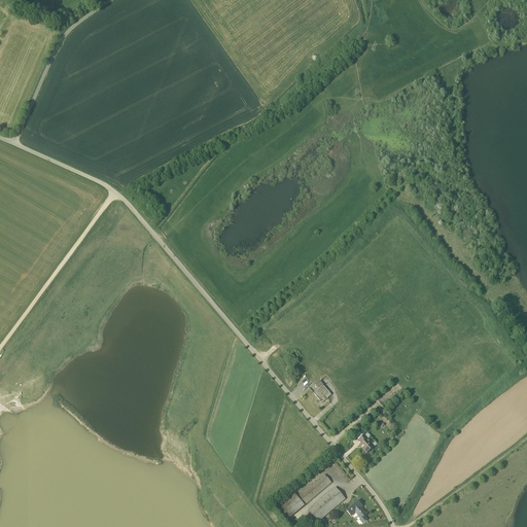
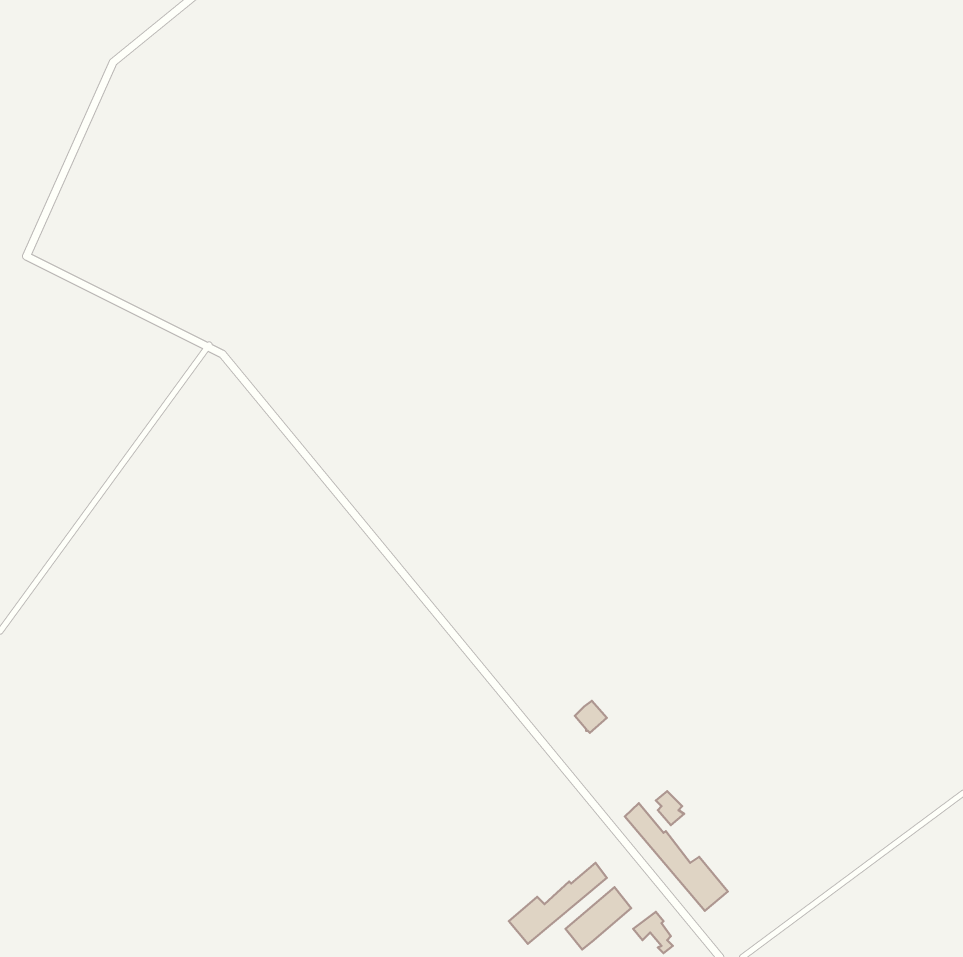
building: none -> [625,803,728,911]

